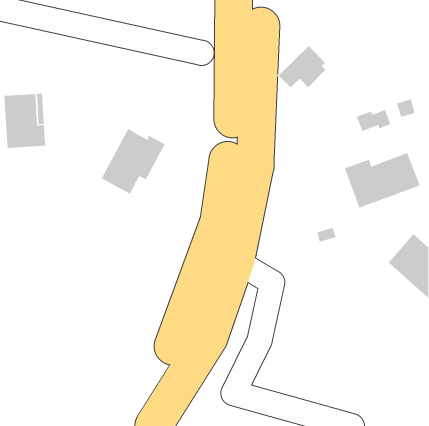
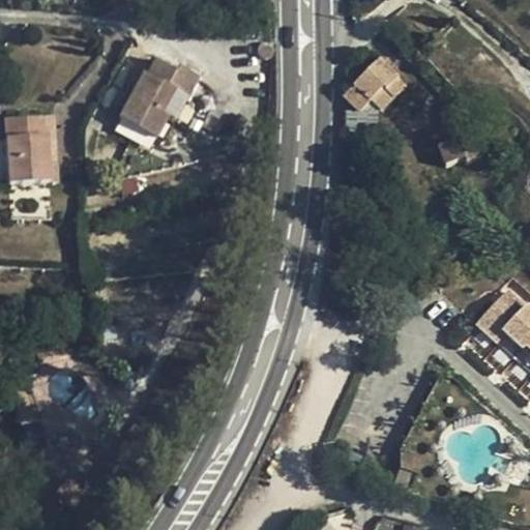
building: [101,128,165,194] -> [118,56,198,138]
building: [344,152,421,208] -> none

